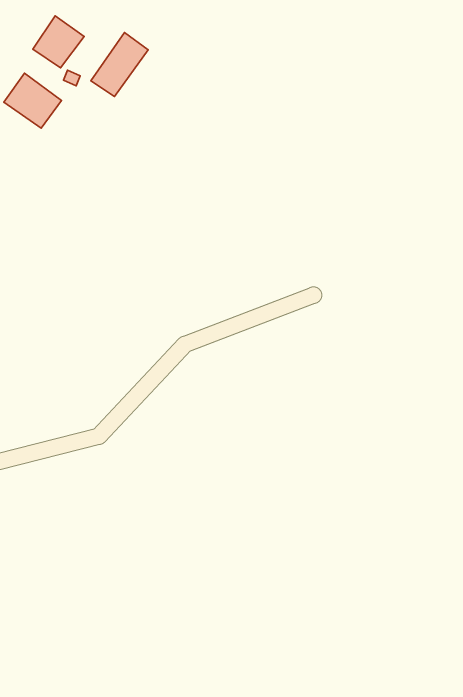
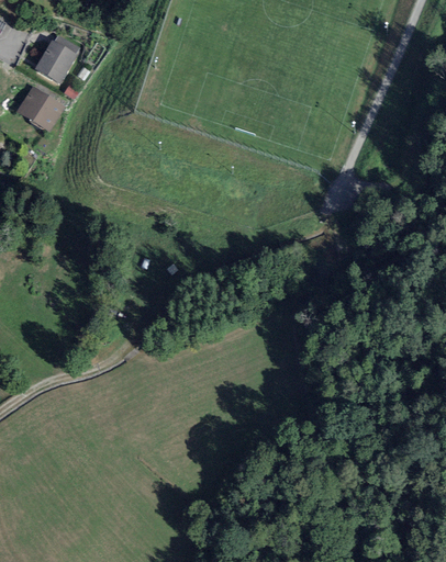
building: [91,33,148,97] -> none

